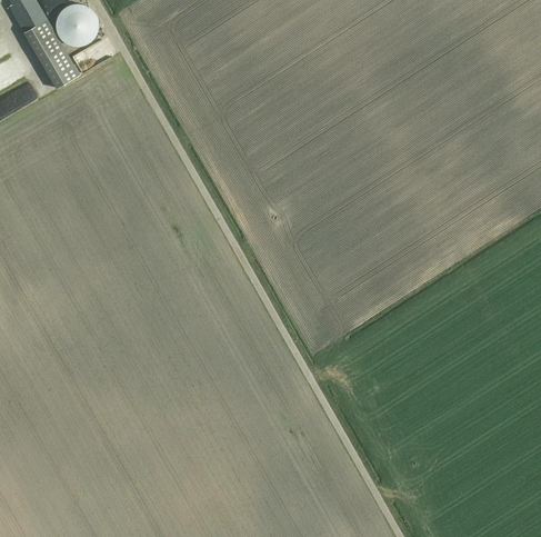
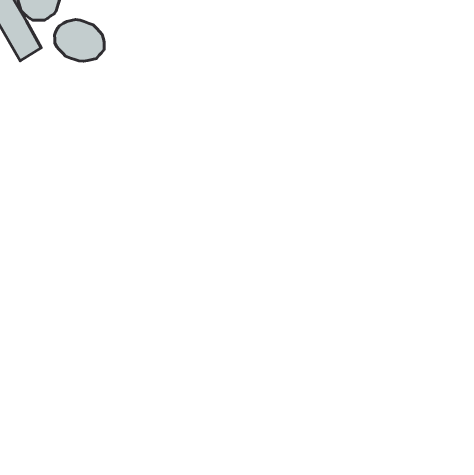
building: none -> [55,20,104,61]

